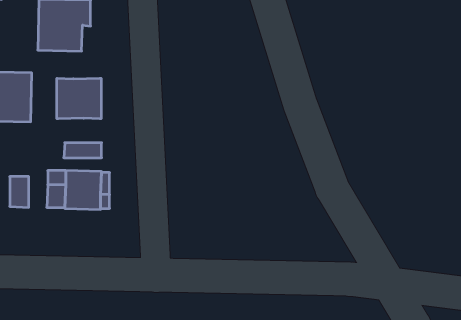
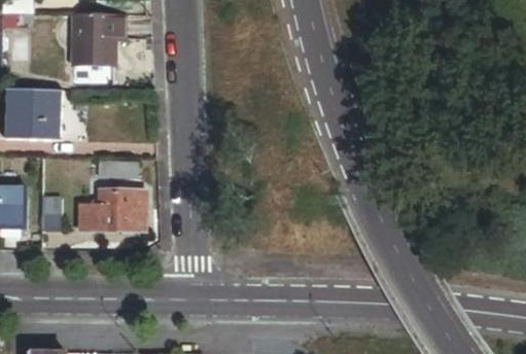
building: [57,78,101,119] -> none

